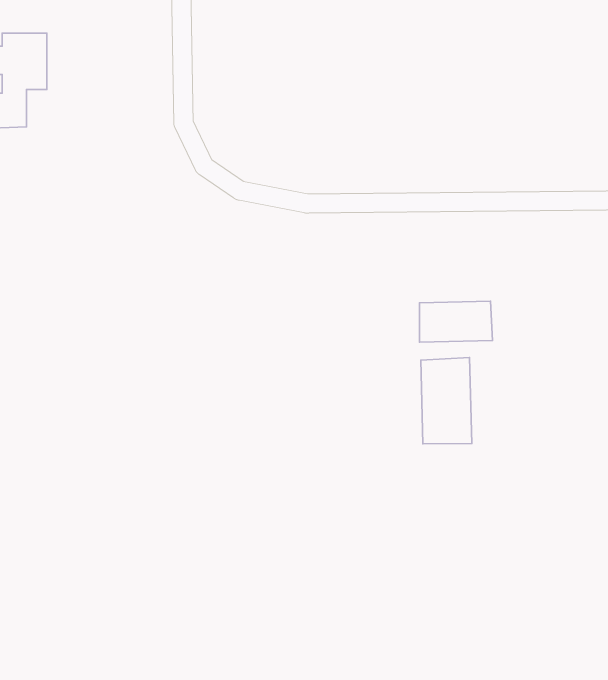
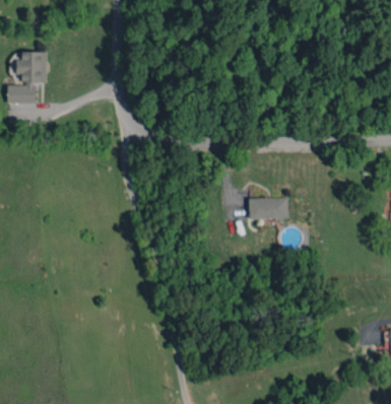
building: [421,358,472,444] -> none

